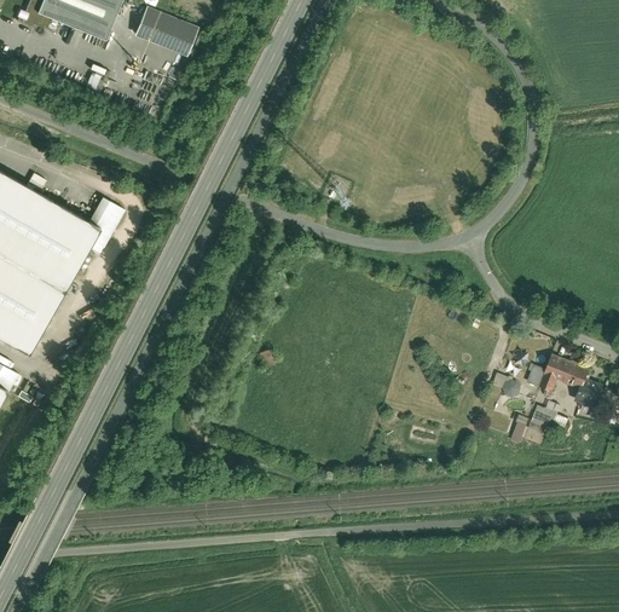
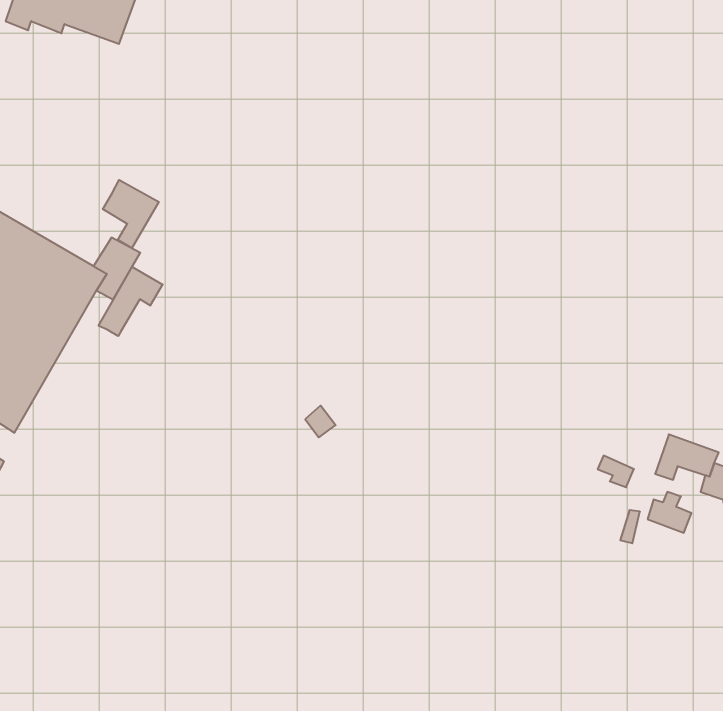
building: [132,16,195,65] -> none
building: none -> [103,180,159,248]
building: none -> [99,267,163,336]

